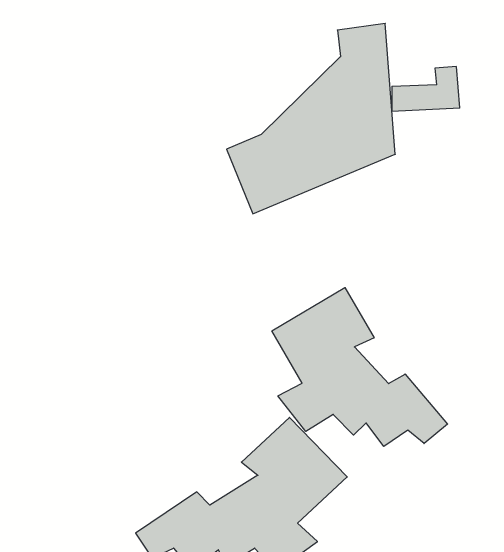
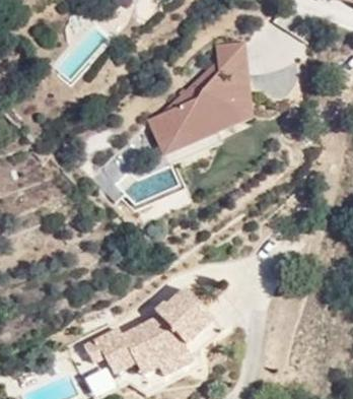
building: [272,288,448,446] -> none

